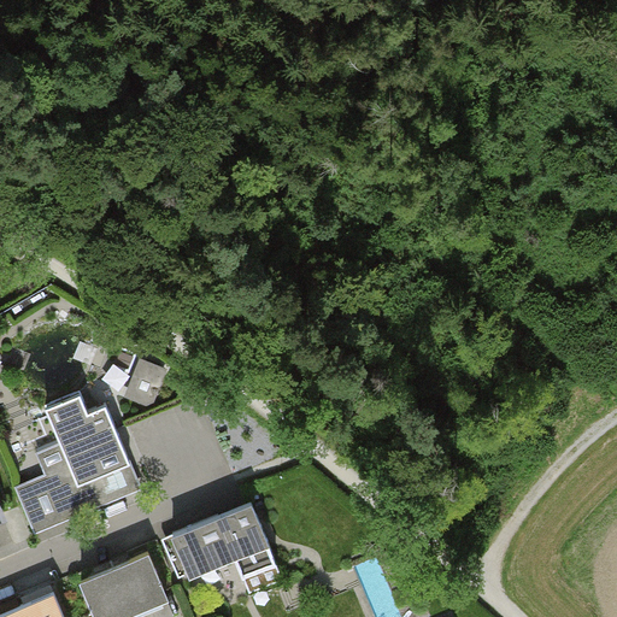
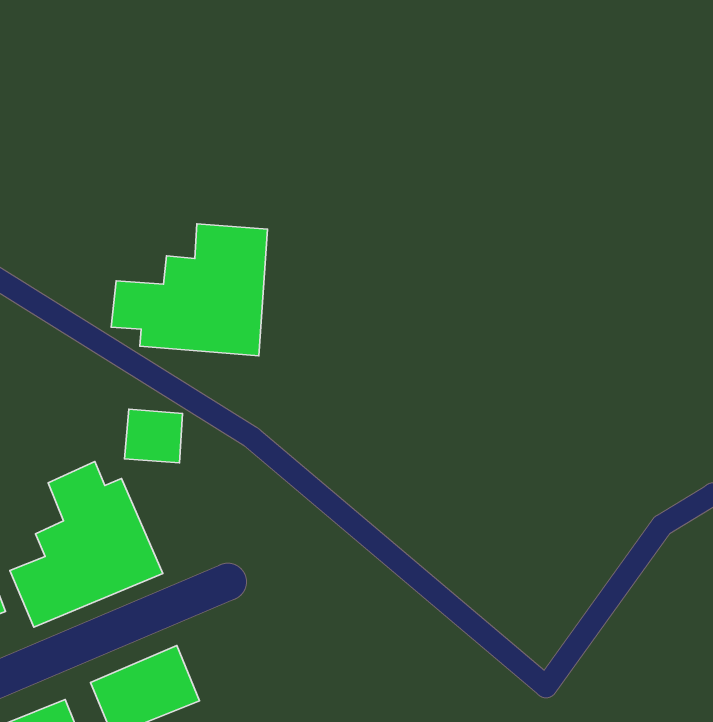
building: none -> [111,224,267,356]
building: [169,500,280,593] -> none

